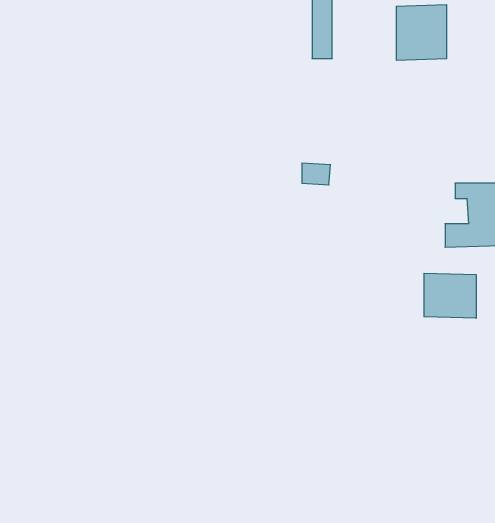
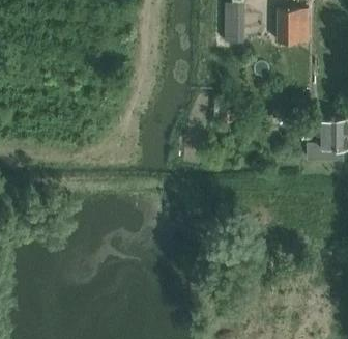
building: [424,273,476,318] -> none

